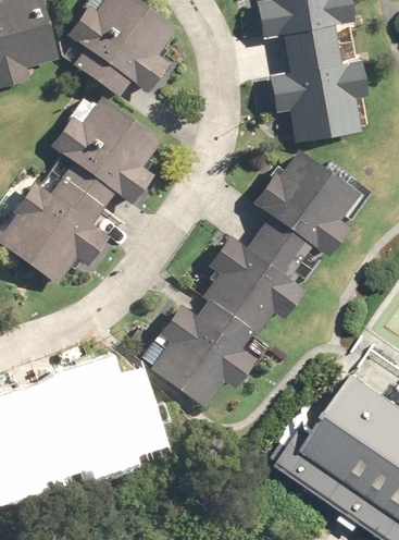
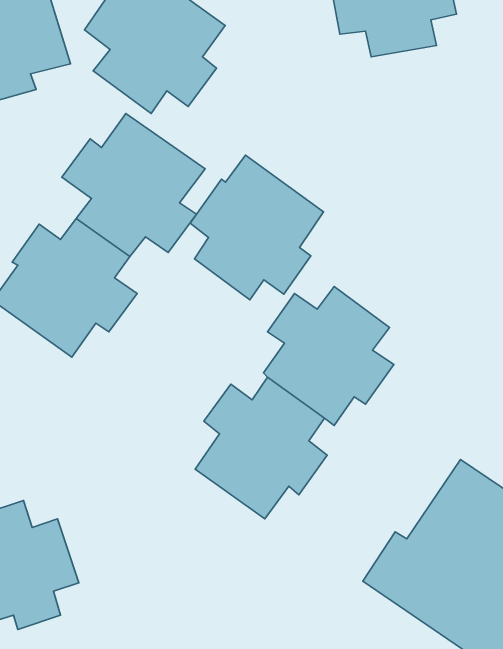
building: [270,45,366,143] -> none
building: [257,150,359,261] -> [190,155,324,300]
building: [48,367,153,482] -> none

